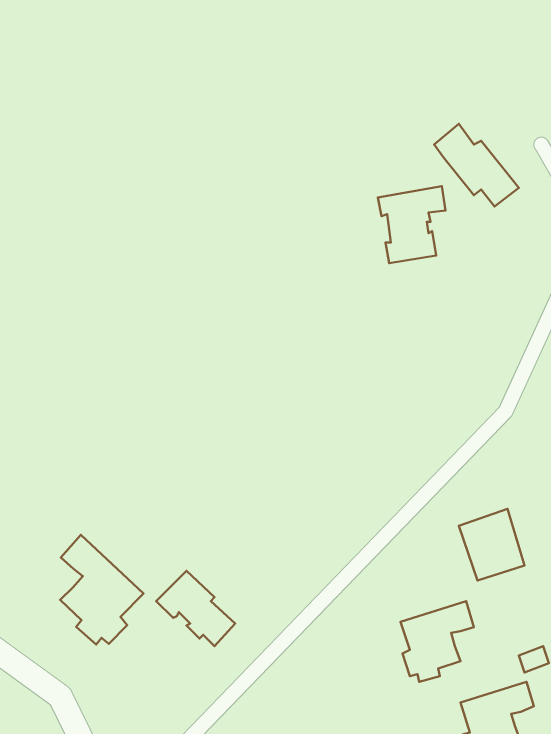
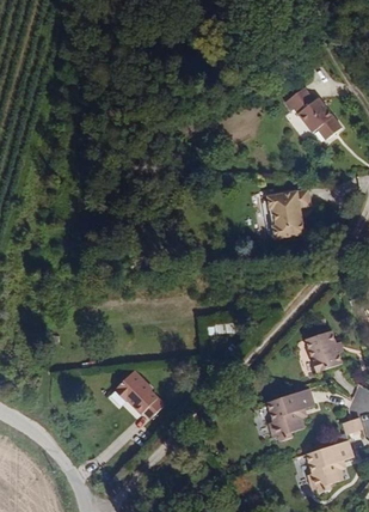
building: [378,186,445,263] -> [266,189,309,238]
building: [60,535,143,644] -> none

